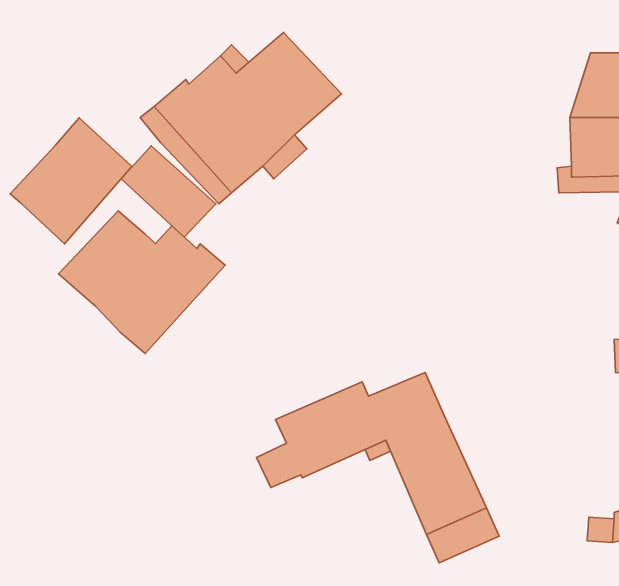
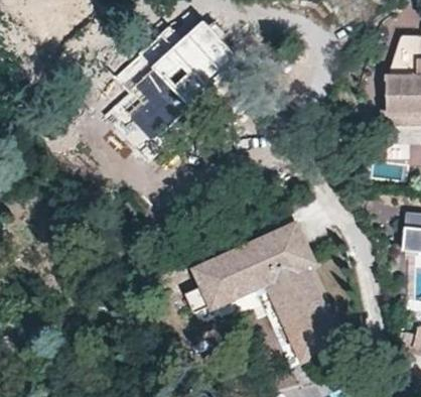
building: [10,118,132,244] -> none
building: [58,211,225,353] -> none
building: none -> [253,226,314,267]

